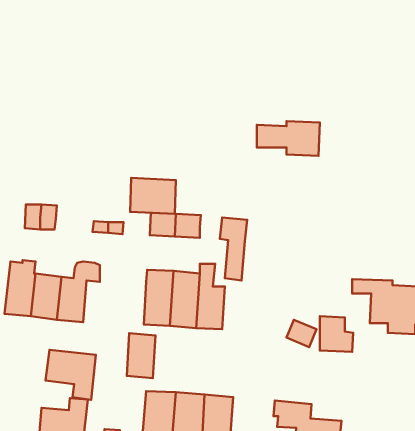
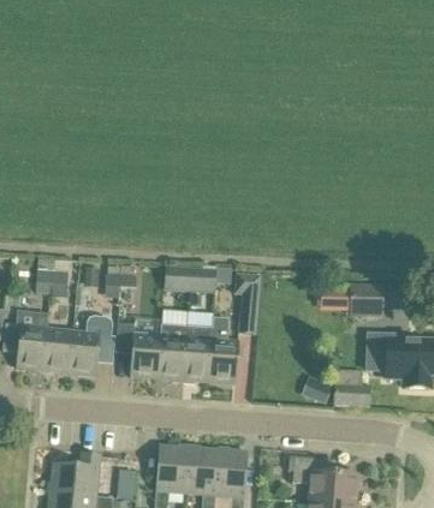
building: [257,121,320,156] -> [317,283,381,318]
building: [130,178,176,214] -> none
building: [127,333,155,378] -> [130,333,159,378]
building: [45,350,96,400] -> none

